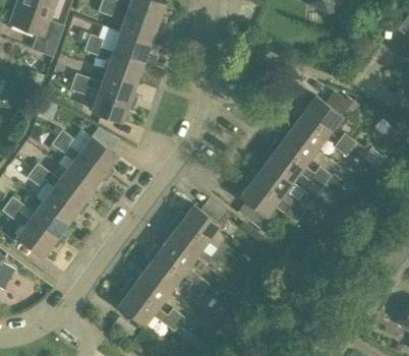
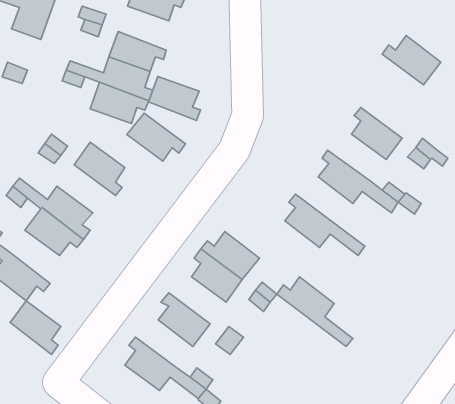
building: [113,32,153,65] -> [149,76,201,120]
building: [298,95,343,132] -> [382,35,441,85]
building: [273,129,317,165] -> none
building: [66,153,111,189] -> [127,113,186,161]
building: [248,162,306,215] -> [277,277,353,346]
building: [30,202,68,243] -> [10,301,61,354]
building: [152,238,195,274] -> none
building: [126,271,170,307] -> none

